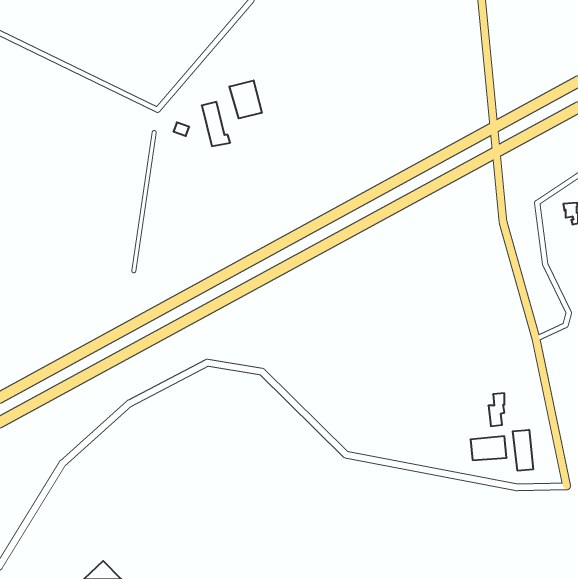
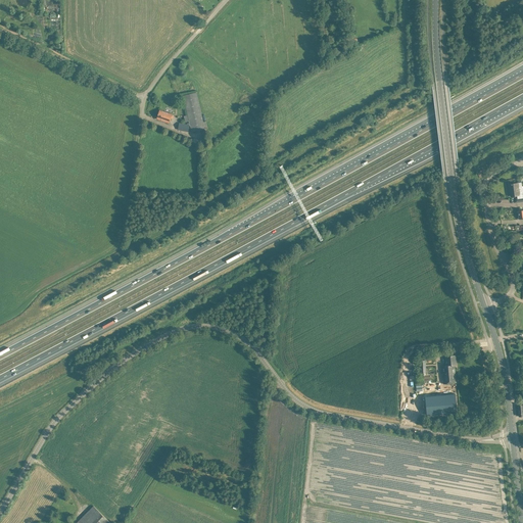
building: [229,80,262,118] -> none
building: [513,430,533,471] -> none

